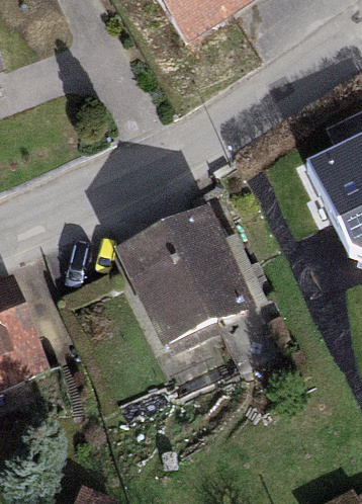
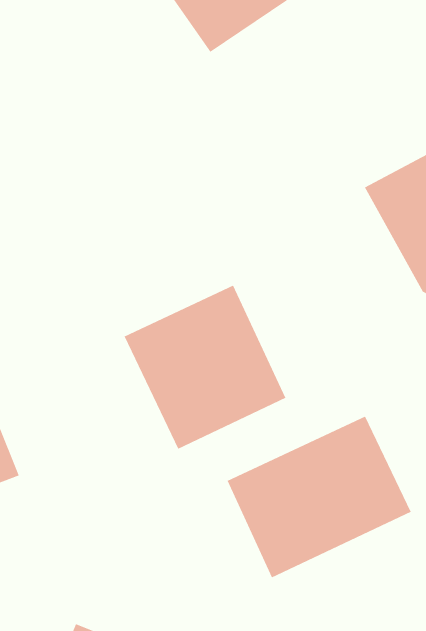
building: none -> [226,415,412,578]

